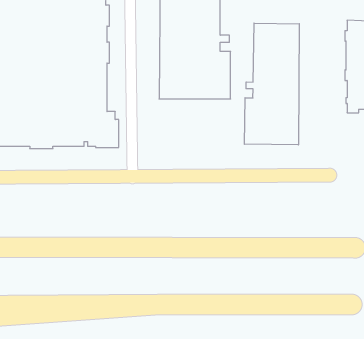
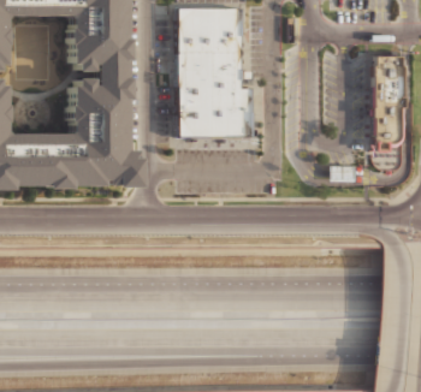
building: [244,23,299,145] -> none

